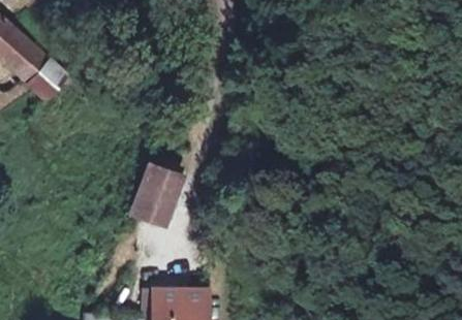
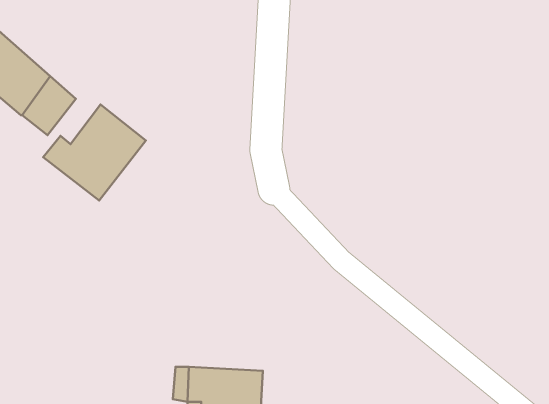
building: none -> [43,105,146,200]
building: [131,166,178,226] -> none

